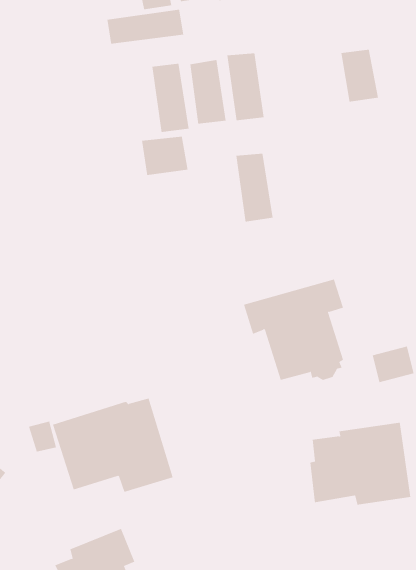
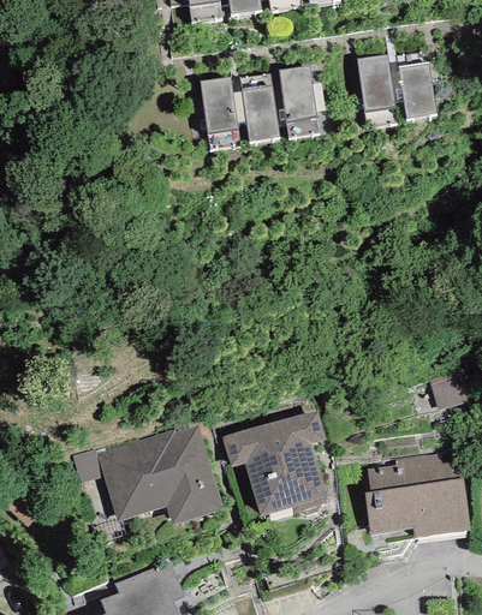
building: [107,9,184,44] -> none
building: [141,136,188,176] -> none
building: [236,153,274,222] -> [357,55,397,127]
building: [243,279,344,381] -> [222,410,327,515]

